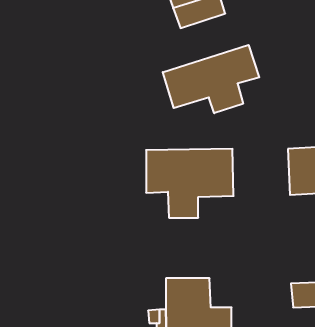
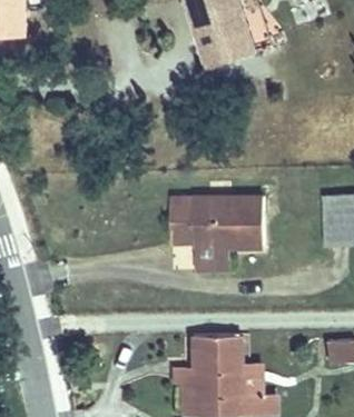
building: [163,45,259,113] -> none

